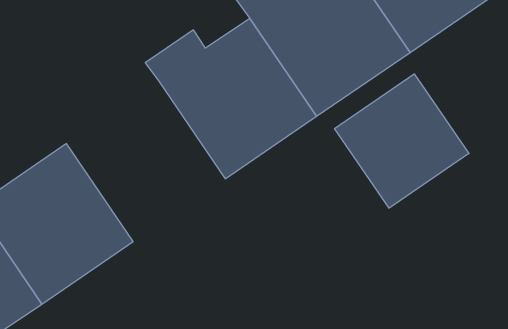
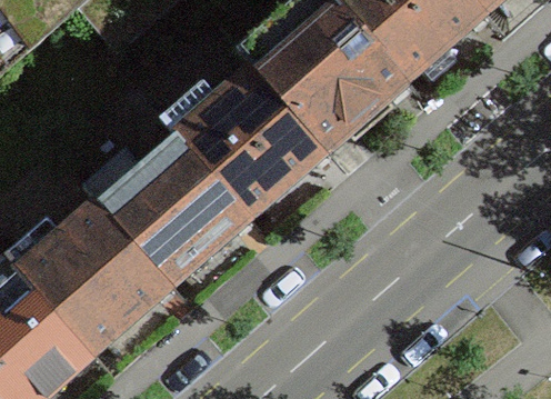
building: [335,74,469,208] -> none
building: none -> [116,117,267,268]

